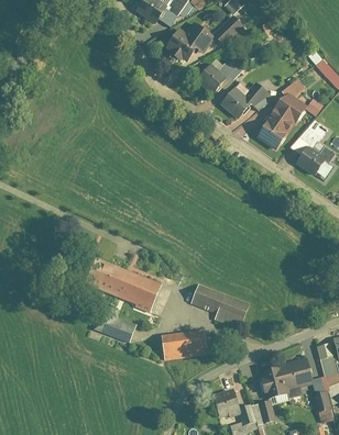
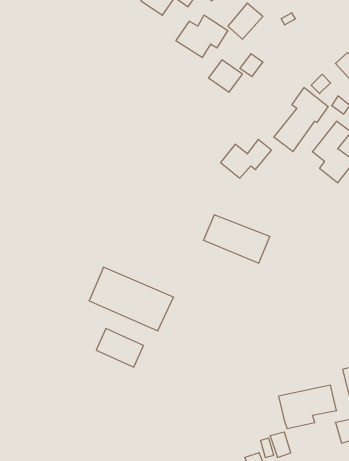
building: [220,82,266,118] -> [221,139,271,178]
building: [190,279,251,323] -> [203,215,270,263]
building: [160,330,210,360] -> none
building: [211,388,241,414] -> none

